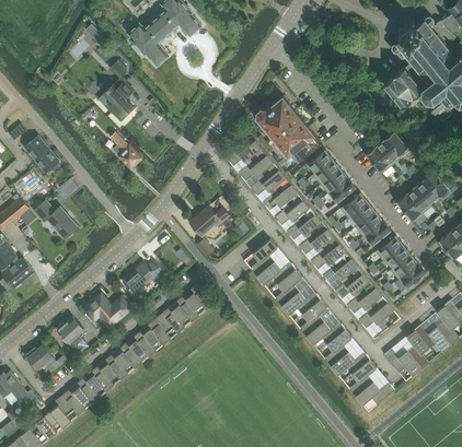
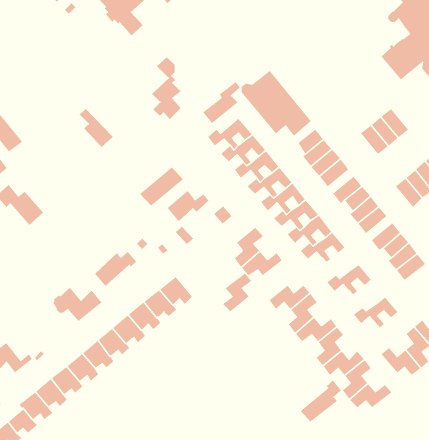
building: [104,59,131,117] -> [151,57,181,120]
building: none -> [202,81,241,124]
building: none -> [139,167,184,207]
building: [322,258,363,286] -> none
building: [274,270,301,306] -> [222,273,252,312]
building: [346,287,388,316] -> none
building: [57,317,83,349] -> none
building: none -> [300,380,342,423]

